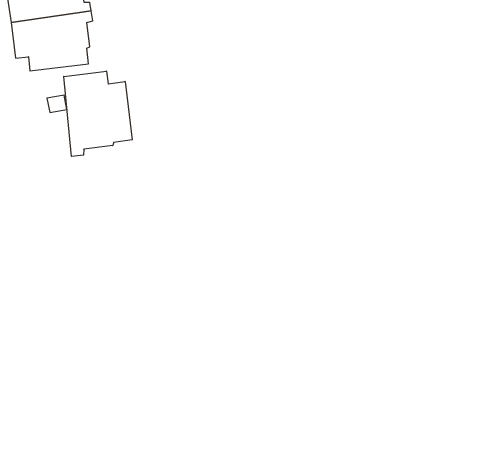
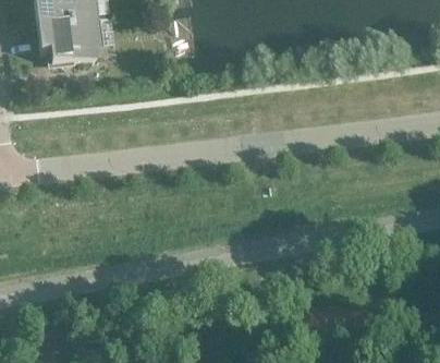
building: [64,71,132,156] -> none

